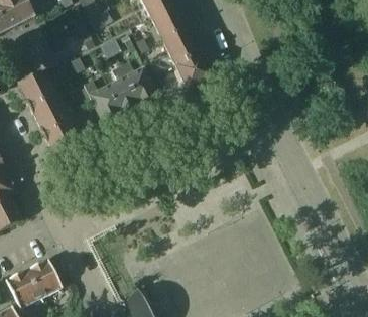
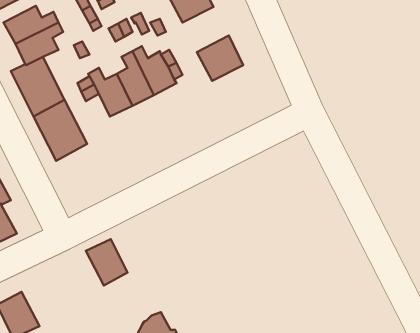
building: [163,27,203,65] -> none
building: [27,258,63,297] -> [86,239,128,286]

